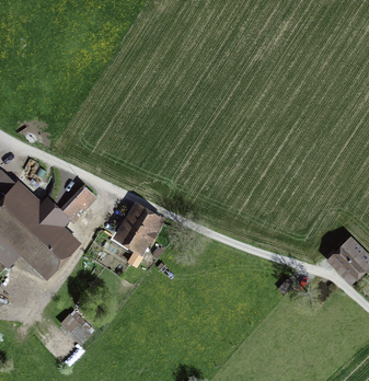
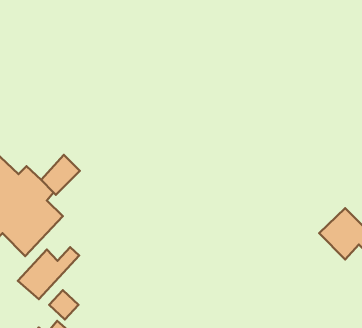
building: [115,211,166,265] -> none
building: none -> [18,247,79,299]

